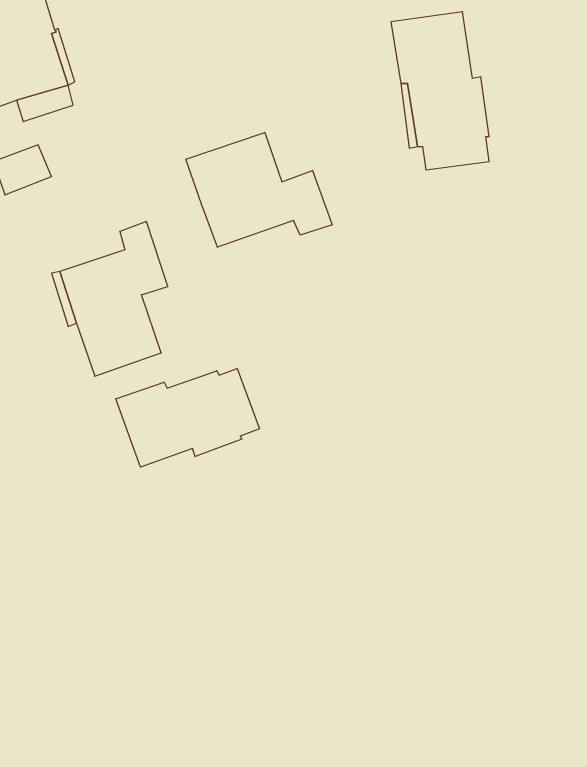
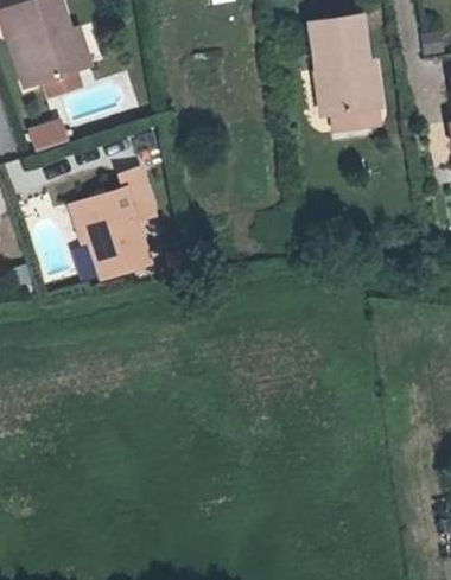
building: [186,132,332,247] -> none
building: [116,368,259,467] -> none

